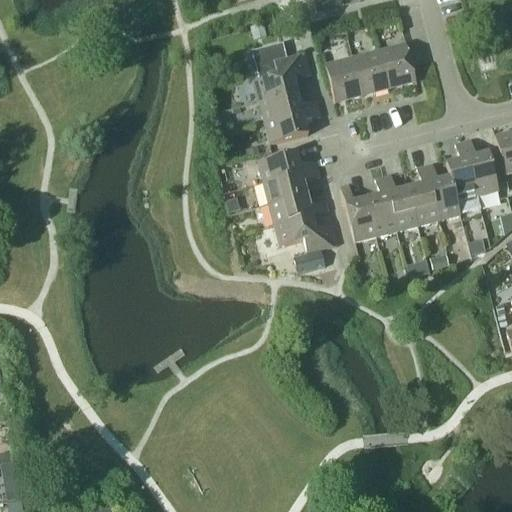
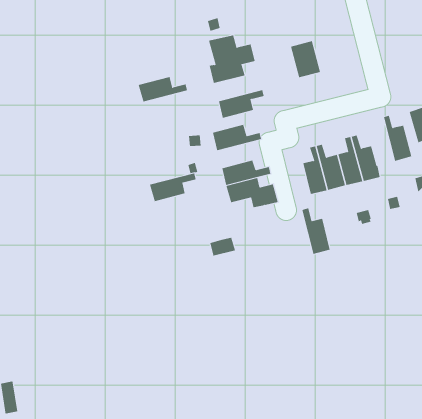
building: [379,42,416,87] -> none
building: [325,56,362,101] -> none
building: [259,91,319,122] -> [138,77,188,102]
building: [446,141,478,200] -> none
building: [263,168,320,203] -> [149,173,196,202]
building: [341,184,376,241] -> [301,207,330,255]
building: [294,248,326,271] -> [209,237,236,256]

